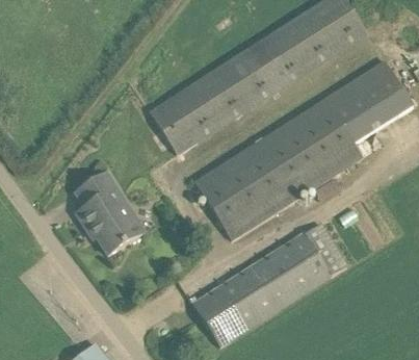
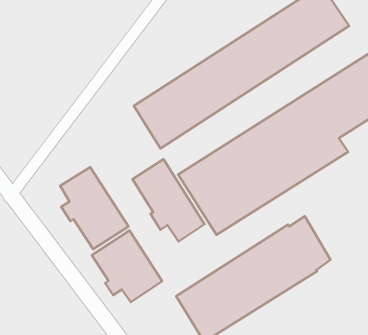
building: none -> [132,159,204,241]
building: none -> [92,231,162,302]

